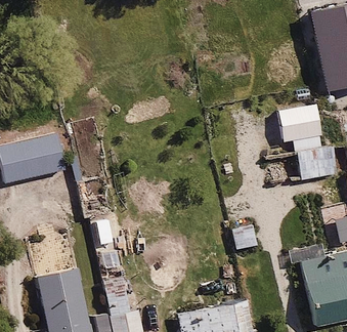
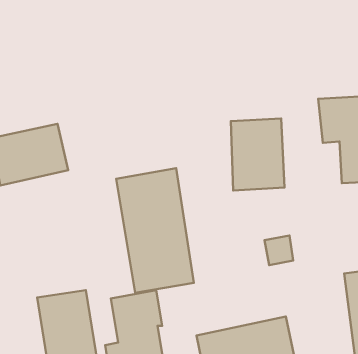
building: none -> [231,119,284,191]
building: none -> [116,168,194,293]

